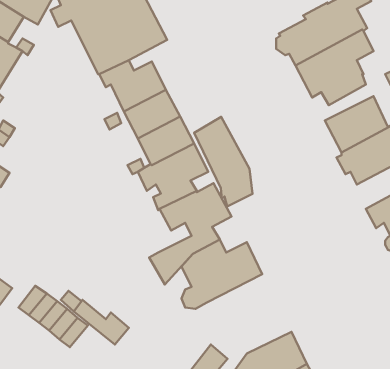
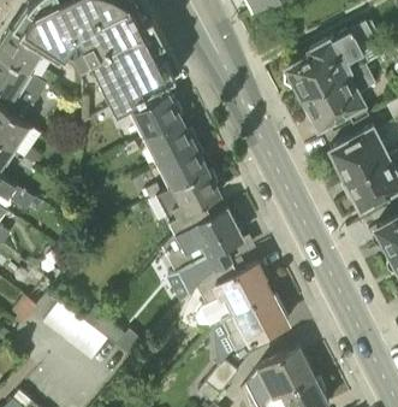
building: [194,117,253,207] -> none
building: none -> [220,294,287,352]

